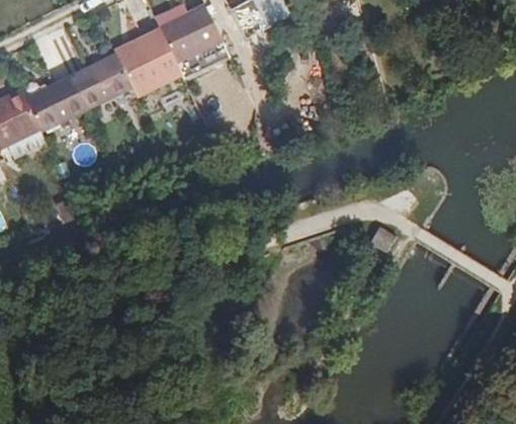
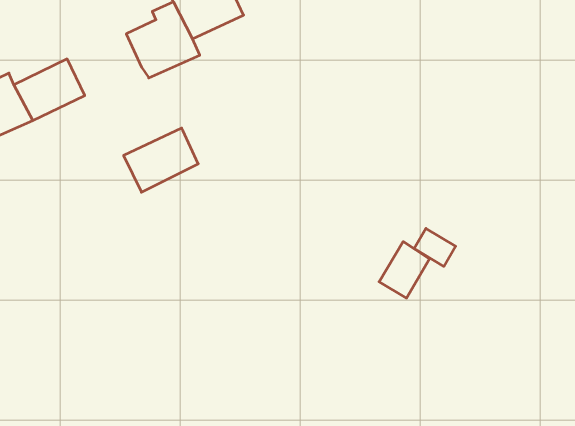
building: [69,55,133,109] -> [124,128,198,192]
building: none -> [379,242,430,298]

